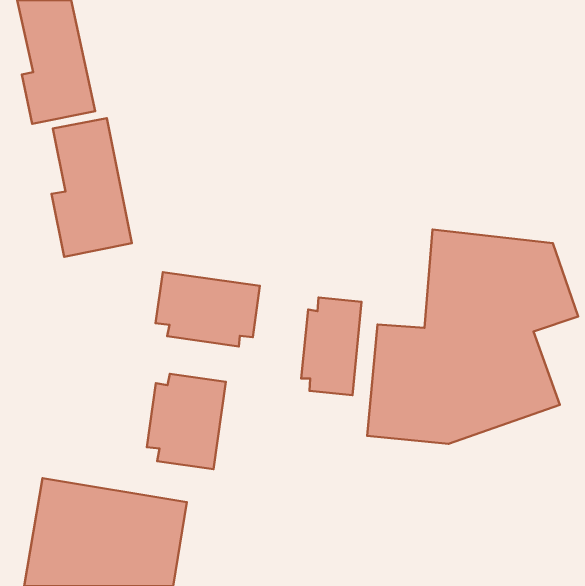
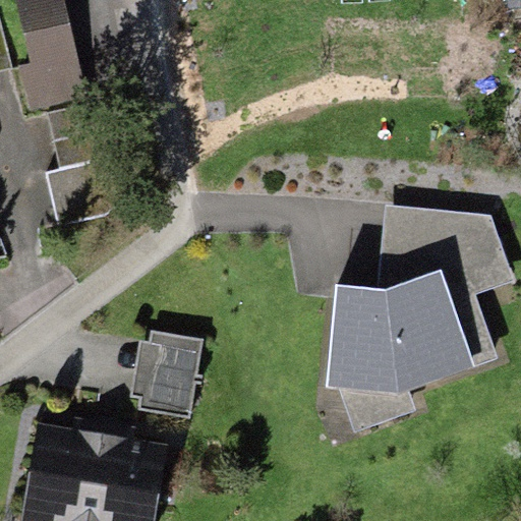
building: [155,272,260,346] -> none
building: [301,298,362,395] -> none

